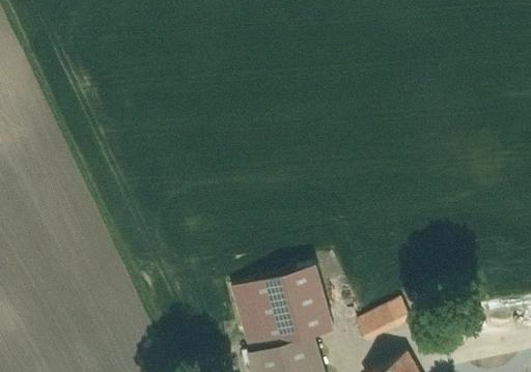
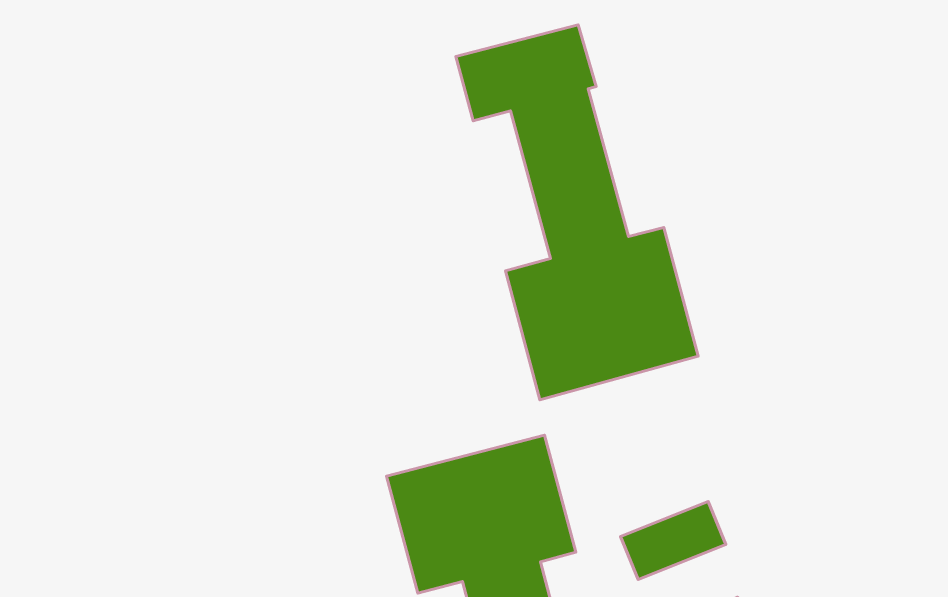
building: none -> [456,25,698,400]

